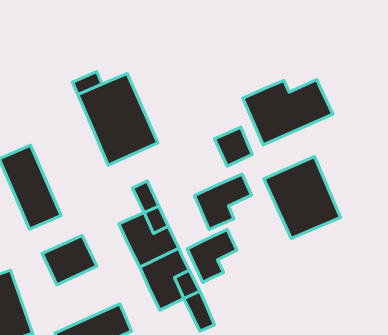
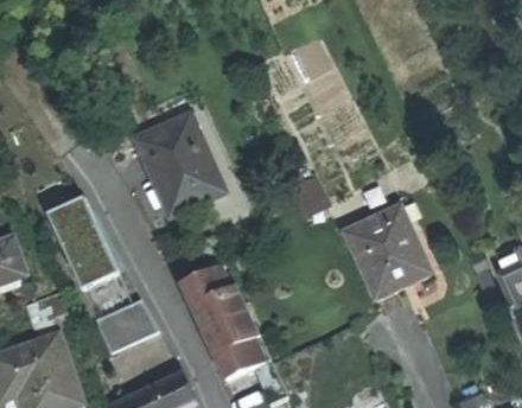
building: [243,80,333,145] -> none
building: [195,174,251,230] -> none
building: [187,229,237,282] -> none

